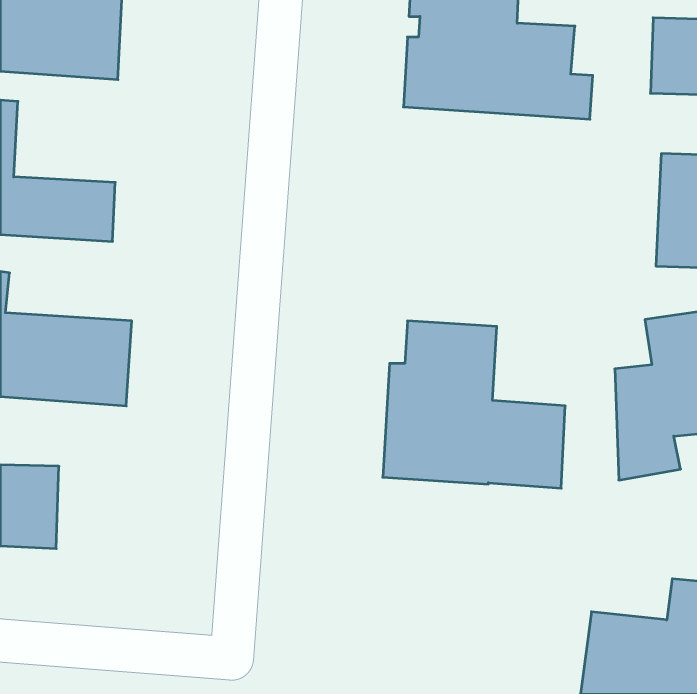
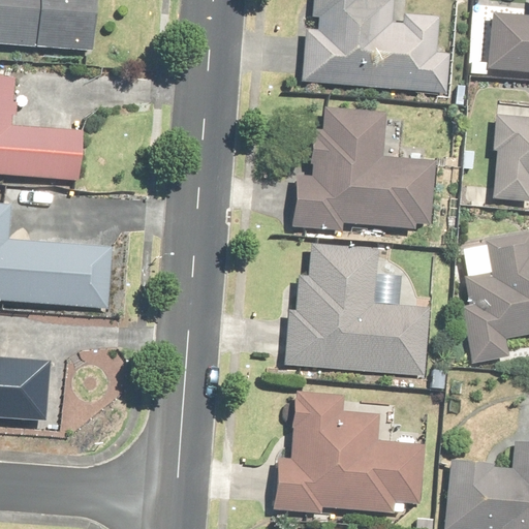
building: none -> [293,111,430,235]
building: none -> [271,397,422,517]

